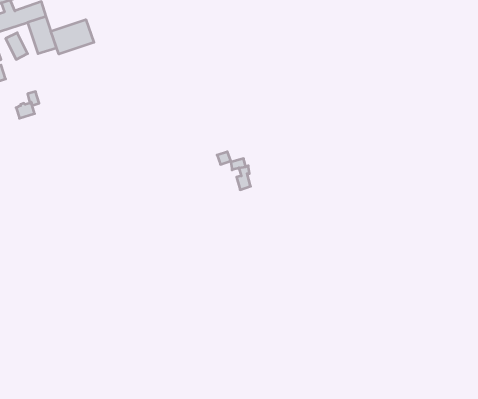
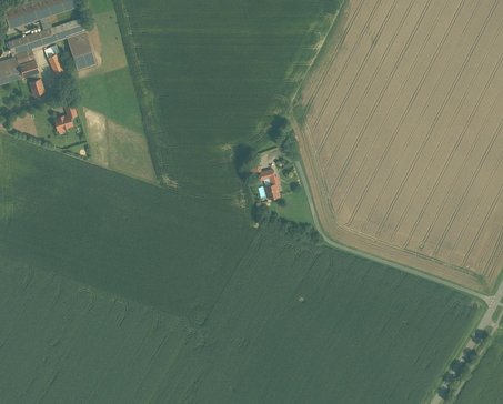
building: [51,20,94,54] -> none

